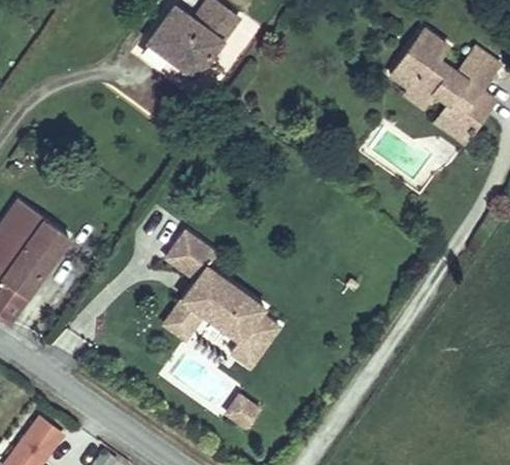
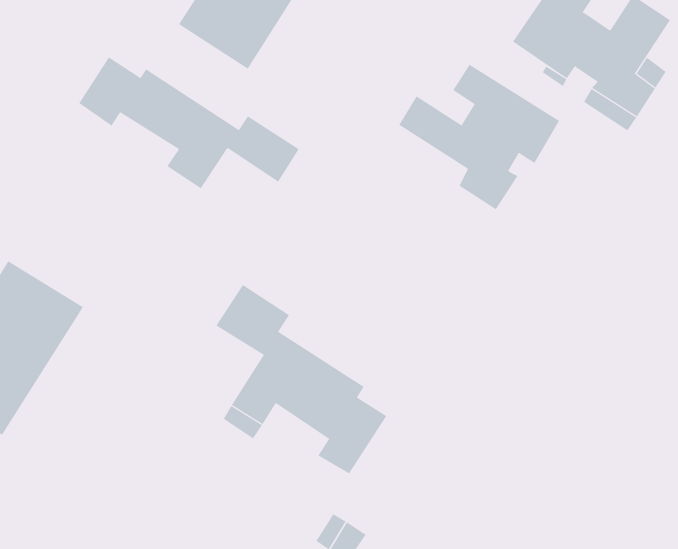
building: none -> [78,57,300,189]
building: none -> [399,64,560,210]

